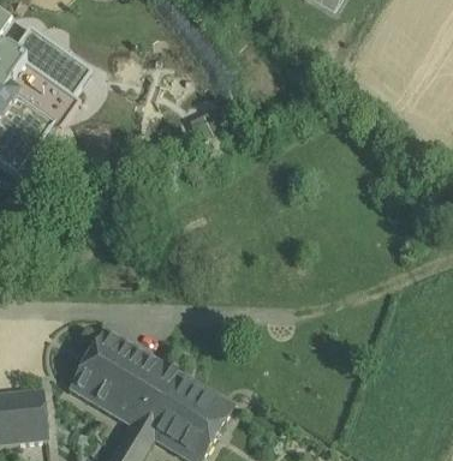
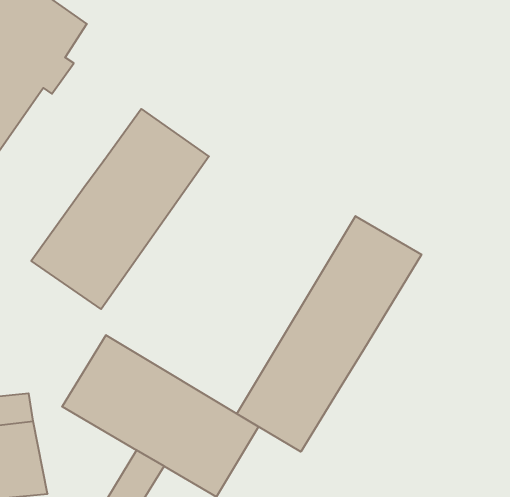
building: none -> [31,109,209,309]
building: none -> [237,216,421,452]

